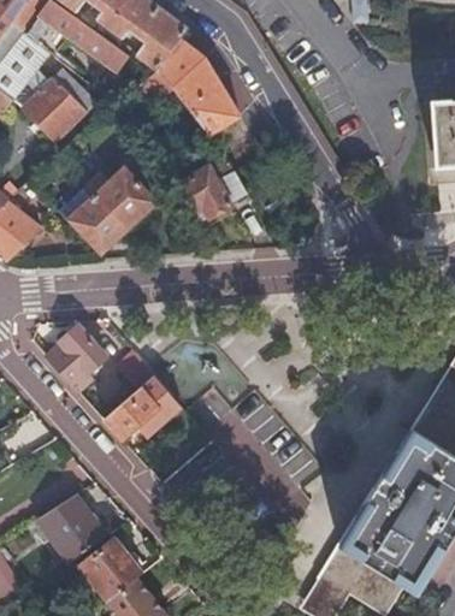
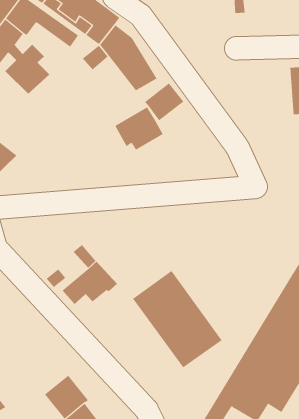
building: none -> [144,83,184,121]
building: [60,166,156,255] -> none
building: [47,326,106,391] -> none
building: [36,494,106,564] -> none

